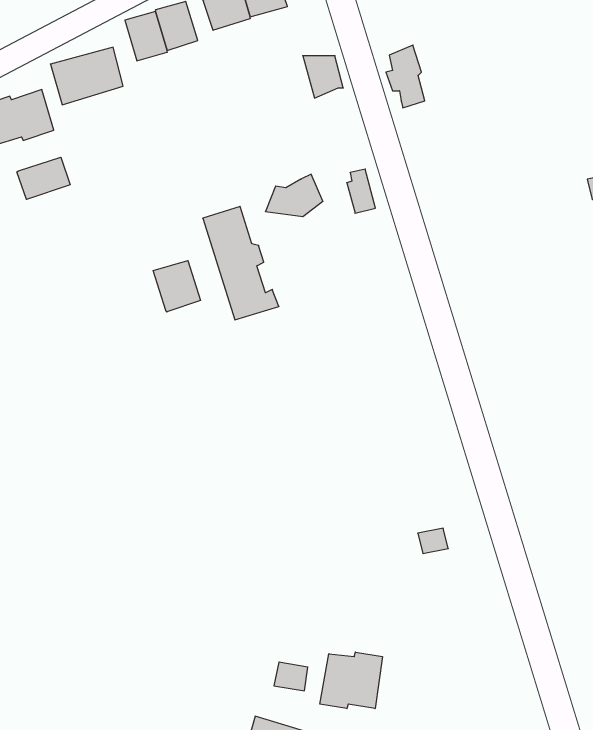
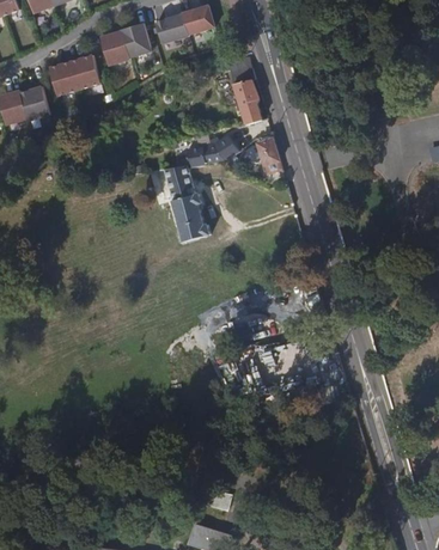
building: [386,45,425,108] -> [233,84,261,128]
building: [17,157,70,199] -> none
building: [153,261,201,312] -> none
building: [320,652,382,709] -> none

